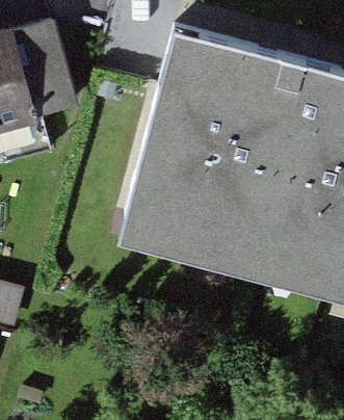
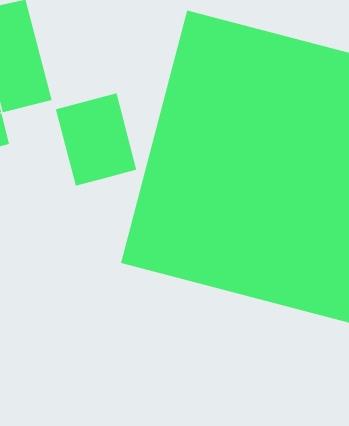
building: none -> [55,92,137,186]

